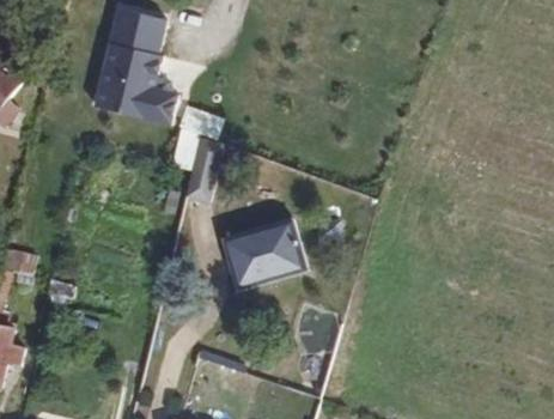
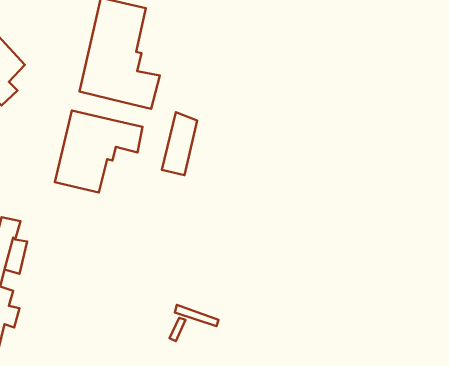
building: none -> [55,111,143,193]
building: [221,218,305,290] -> none

